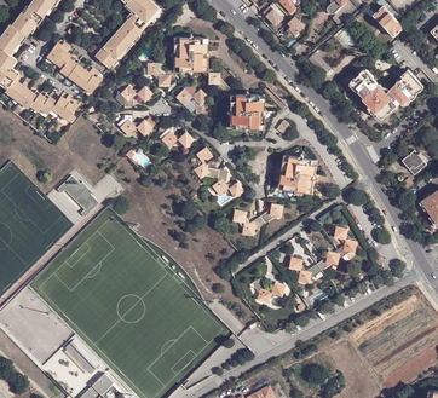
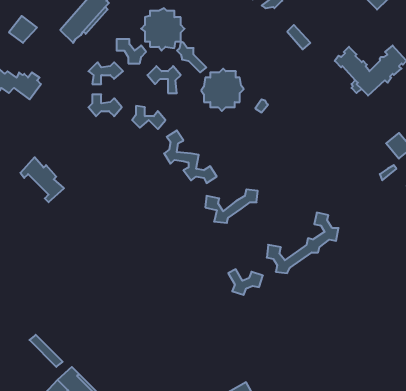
building: [58,57,100,92] -> none
building: [276,155,316,195] -> none

